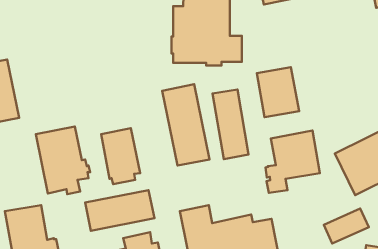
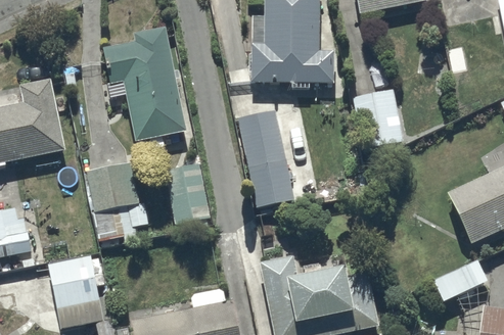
building: none -> [102,27,186,142]
building: [213,89,249,159] -> none
building: [265,130,320,193] -> none
building: [85,190,154,231] -> none

